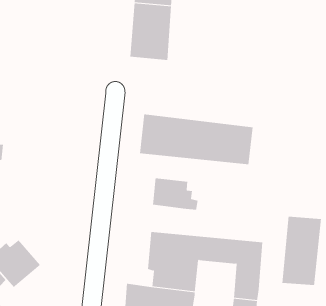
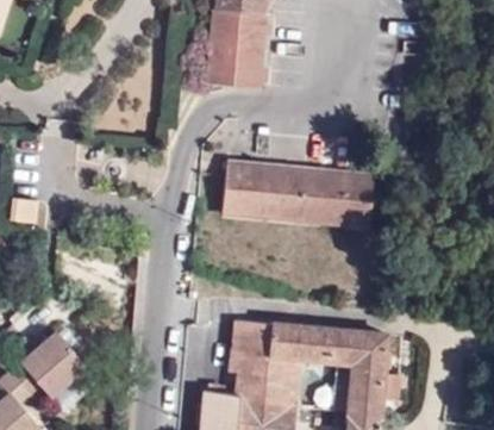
building: [153,177,198,210] -> none
building: [282,216,321,286] -> none

